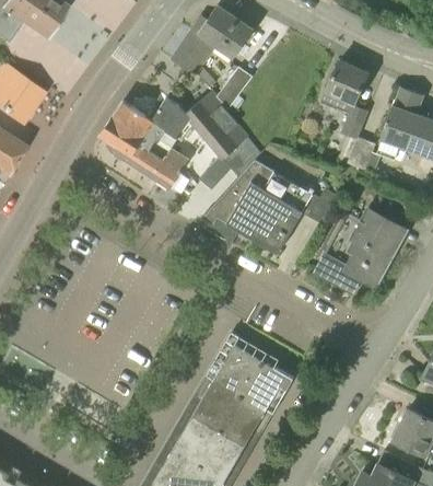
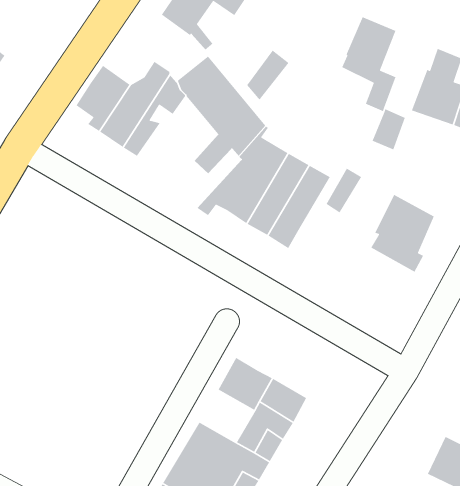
building: [216,67,253,109] -> [246,50,290,101]
building: [152,148,189,188] -> none
building: [315,252,383,291] -> none
building: [203,370,249,414] -> none

